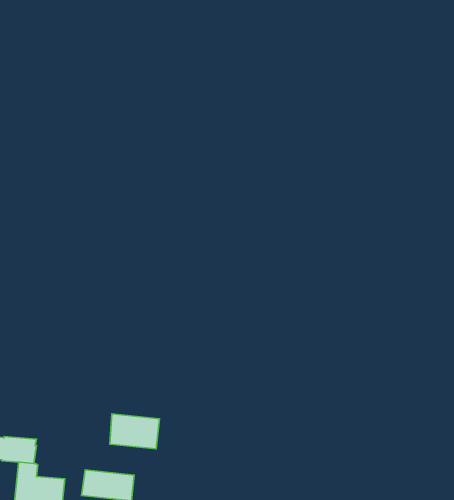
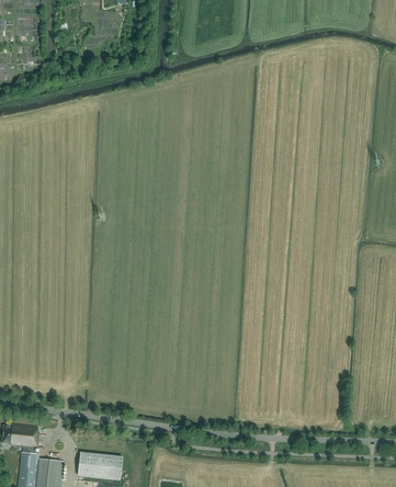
building: [110,414,159,449] -> none

